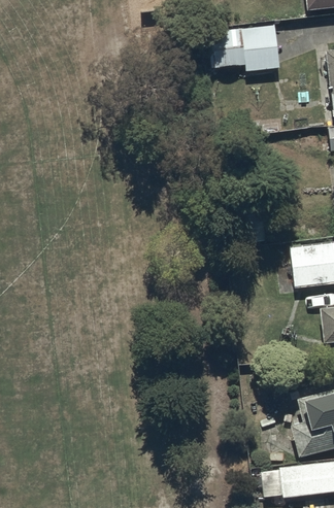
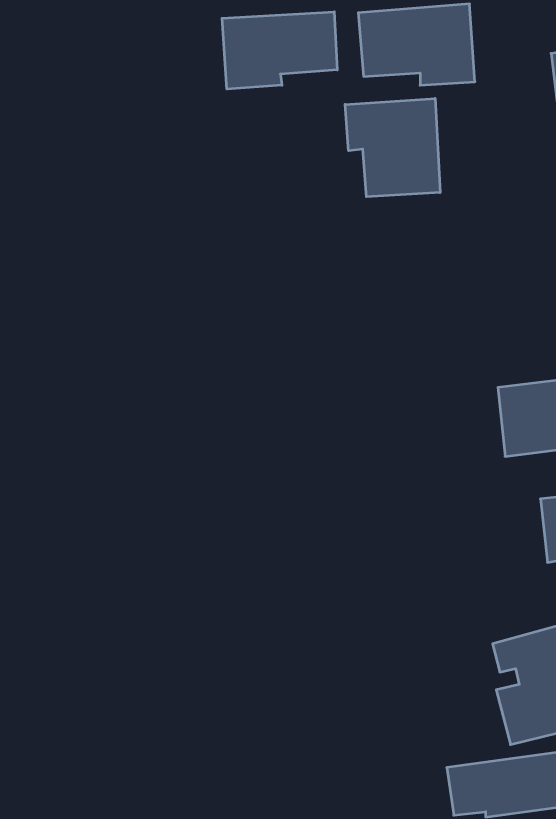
building: none -> [222,12,337,89]
building: none -> [345,98,440,197]

